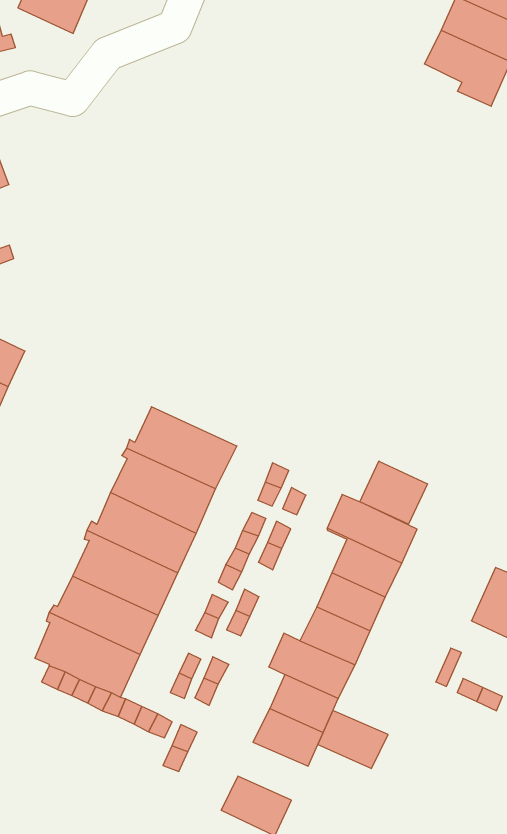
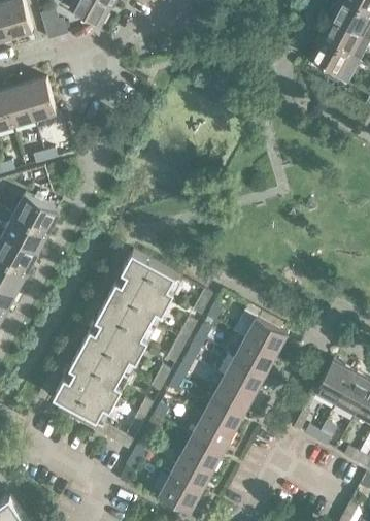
building: [360,461,427,524] -> none
building: [318,711,388,769] -> [170,455,212,491]

